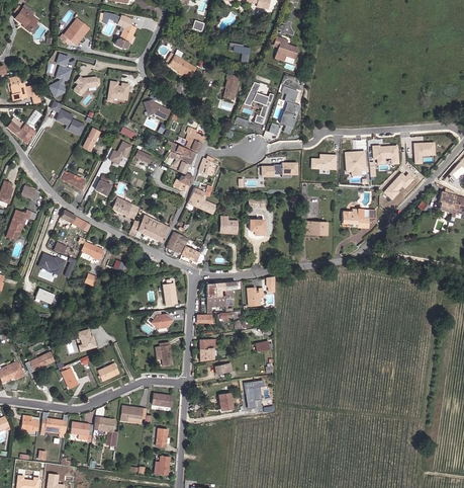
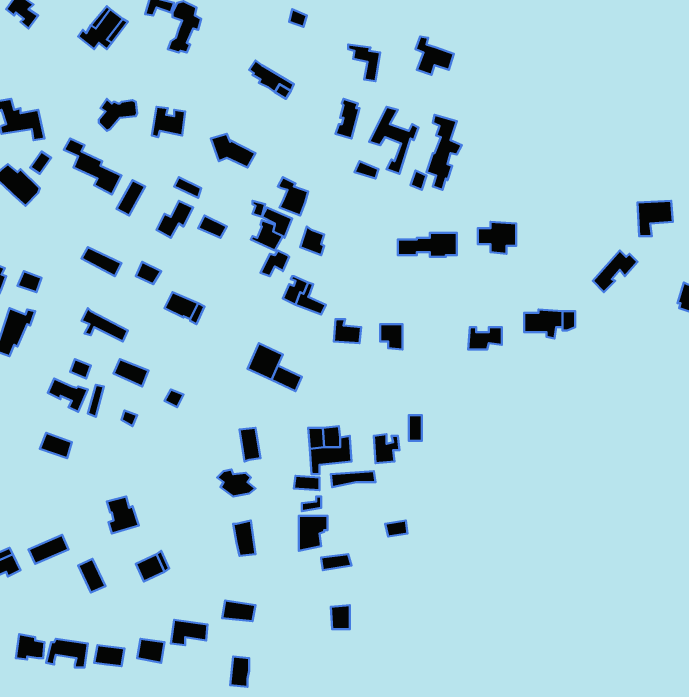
building: [48,55,70,97] -> none
building: [372,144,399,164] -> none
building: [345,150,367,175] -> none
building: [129,215,170,242] -> none
building: [245,380,265,408] -> none

